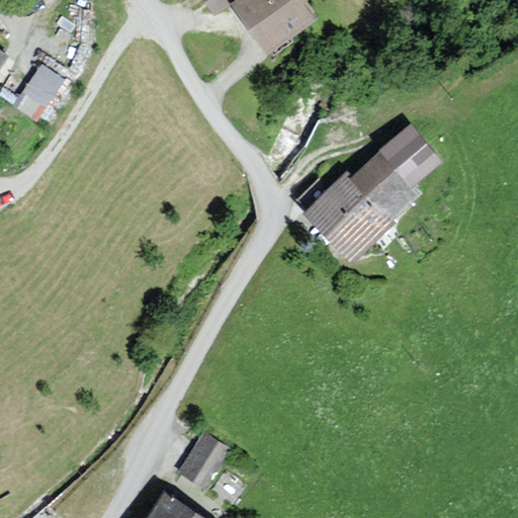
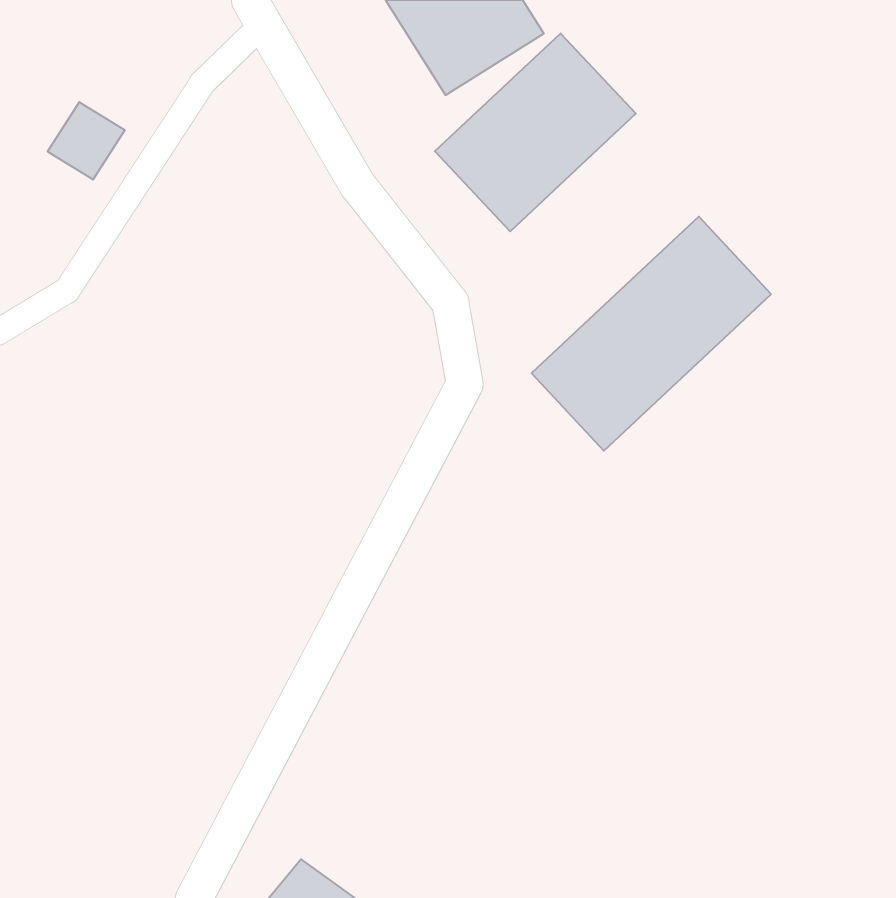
building: none -> [435,33,636,231]
building: [180,430,226,484] -> none

